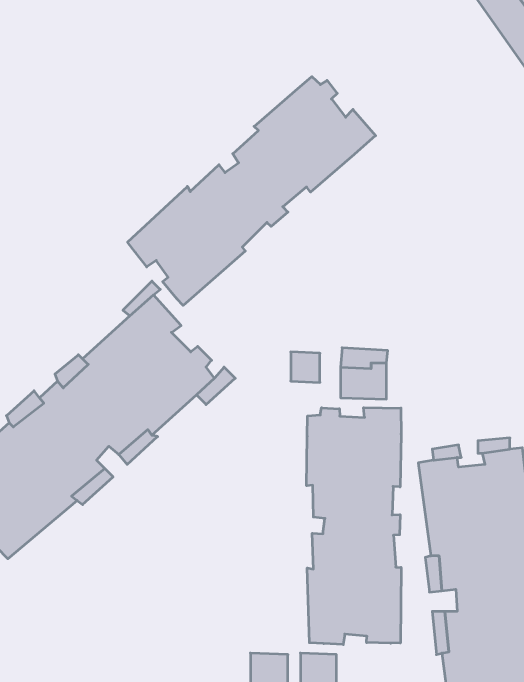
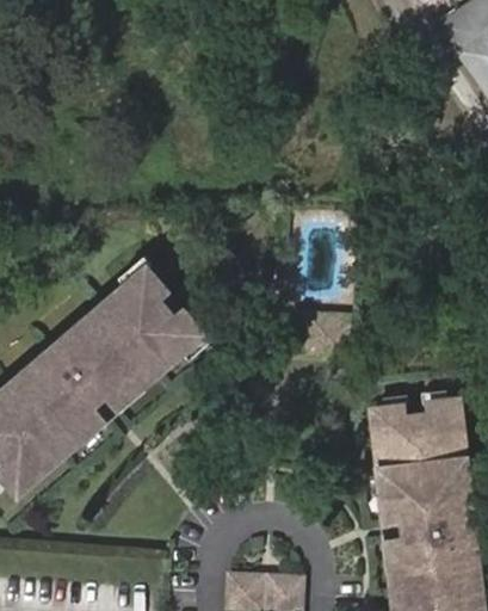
building: [128,77,376,305] -> none
building: [307,408,401,645] -> none

